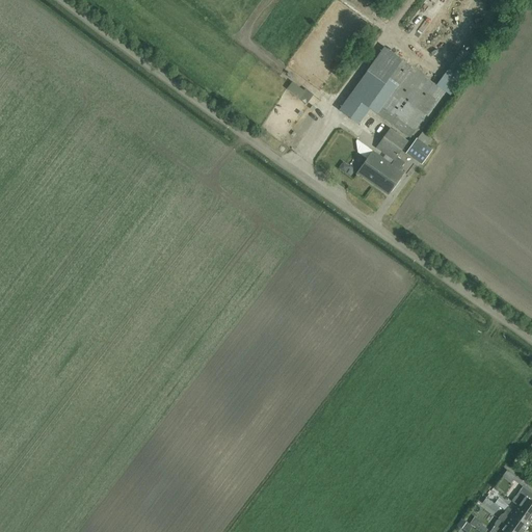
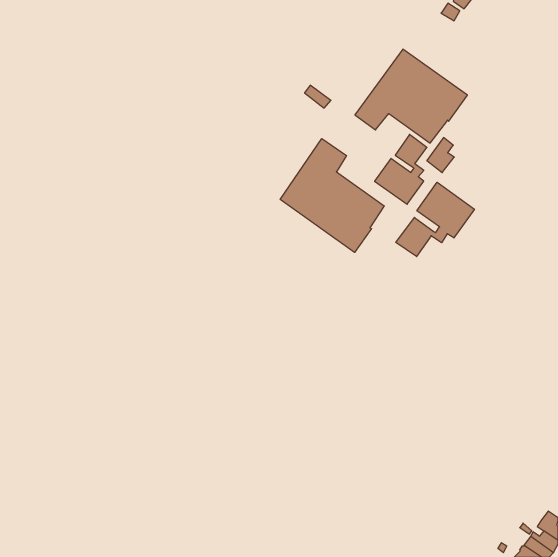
building: none -> [280,139,384,252]
building: none -> [396,182,474,257]

